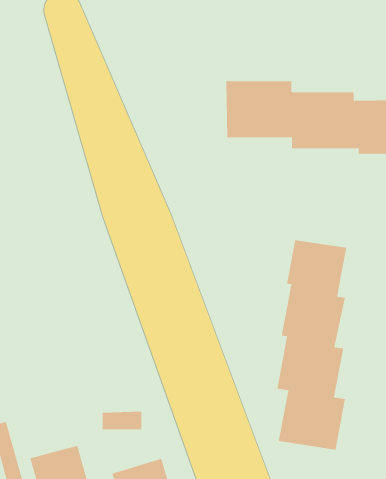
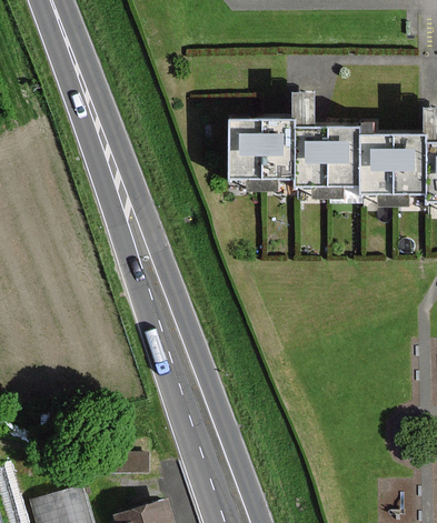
building: [277,240,347,451] -> none

